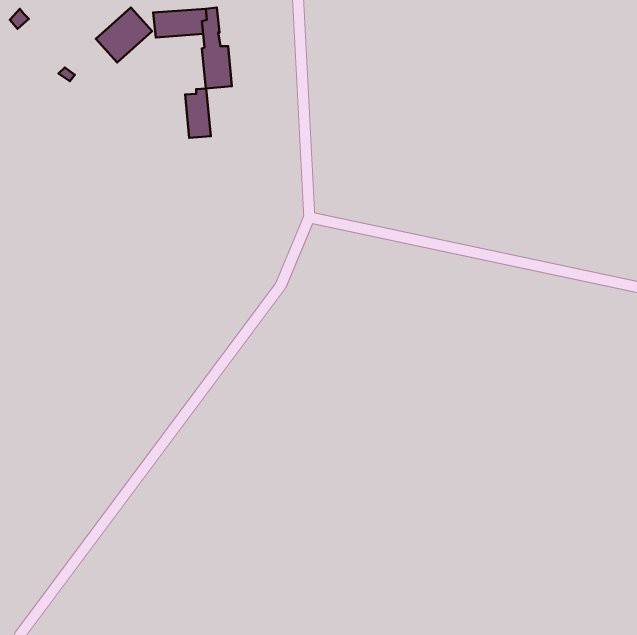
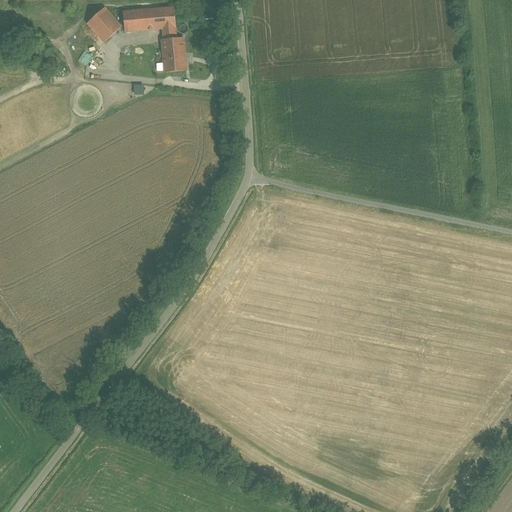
building: [185,89,211,138] -> none

